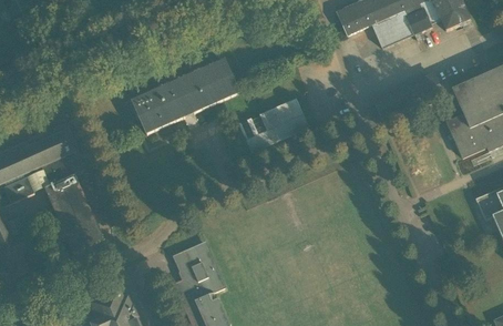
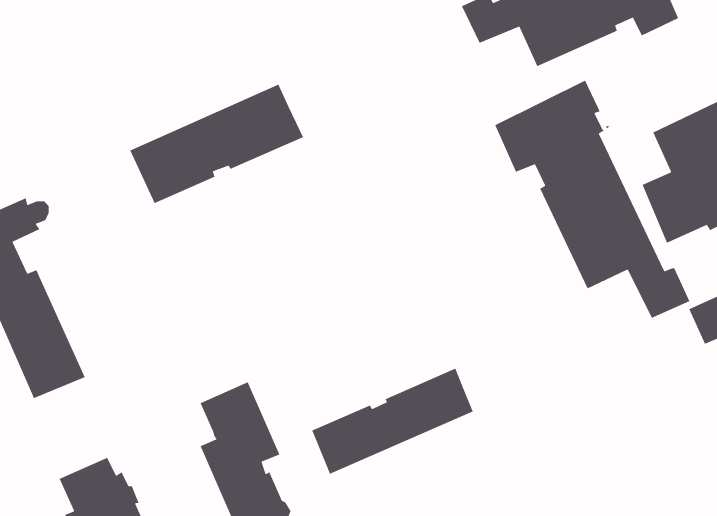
building: none -> [494,79,690,319]
building: [235,100,306,150] -> none
building: none -> [311,367,474,475]

